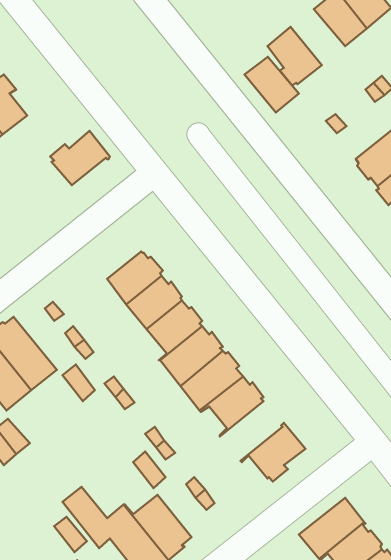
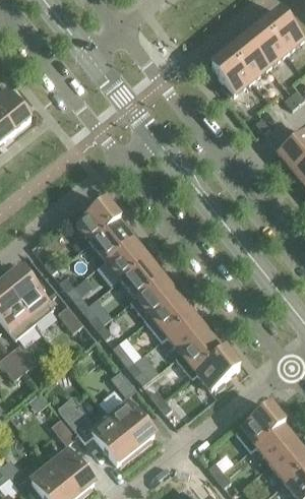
building: [245,57,299,113] -> [228,39,268,80]
building: [50,131,110,185] -> [74,199,119,240]
building: none -> [175,331,222,376]

